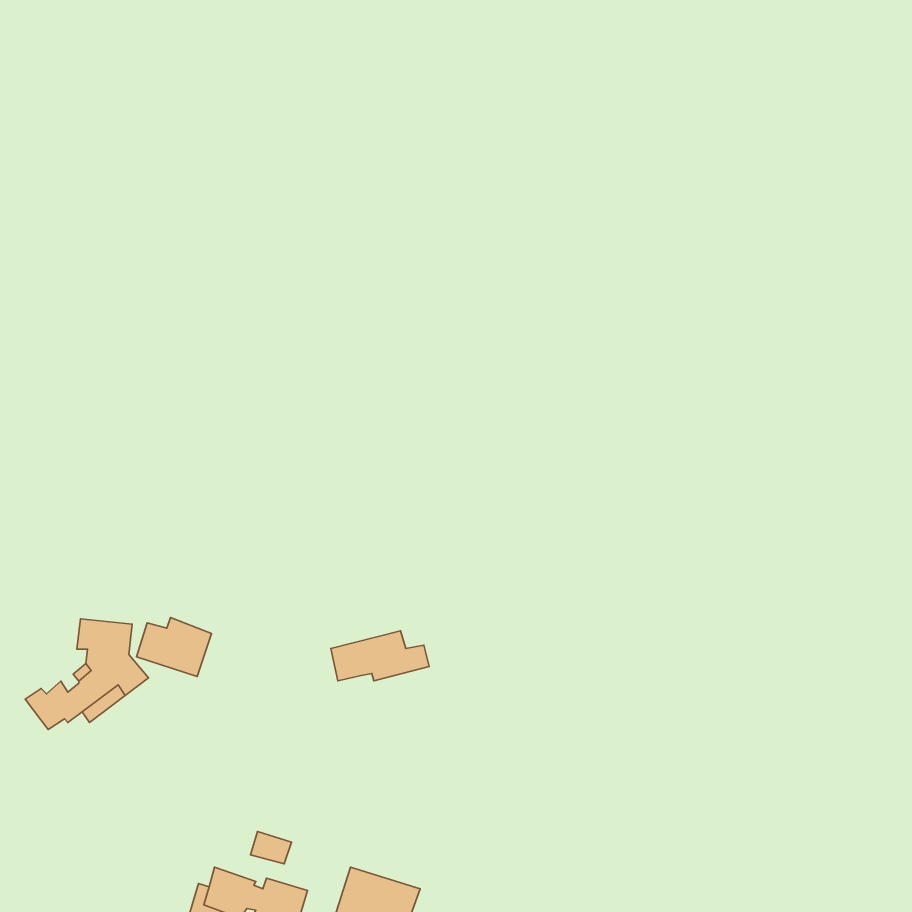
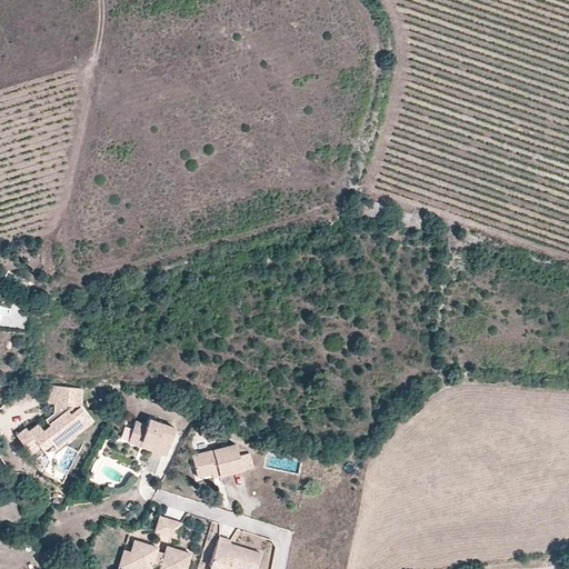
building: [136,617,212,676] -> [127,417,173,453]
building: [331,631,429,681] -> [193,446,254,477]

